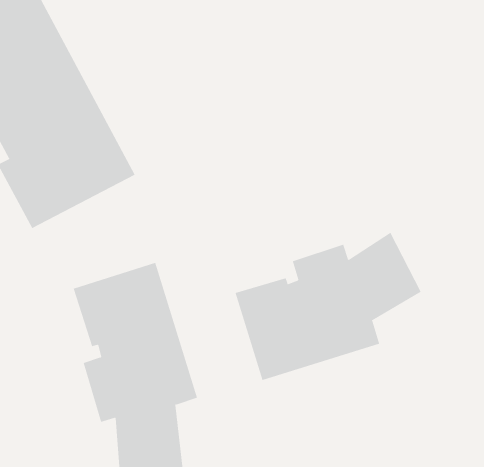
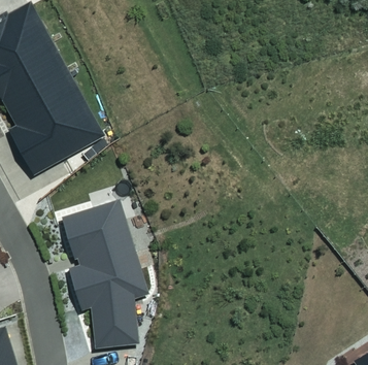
building: [235,232,422,381] -> none

